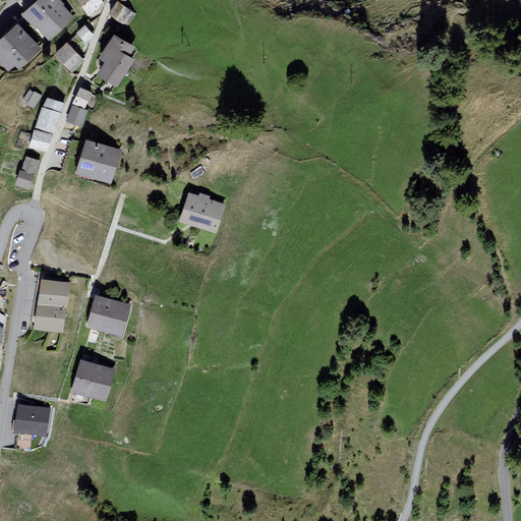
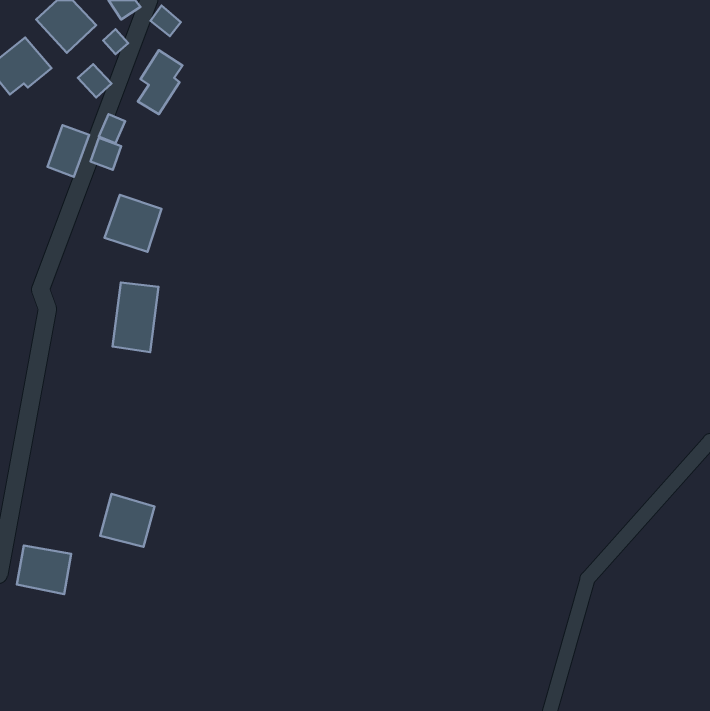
building: [27,124,53,148] -> none
building: [16,152,39,184] -> none
building: [183,197,224,232] -> none
building: [36,282,69,333] -> [113,283,158,352]
building: [91,298,129,334] -> none

